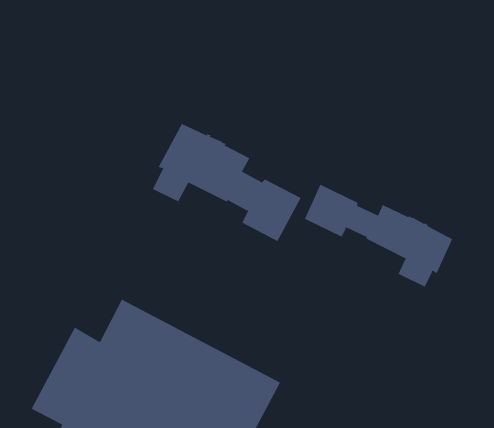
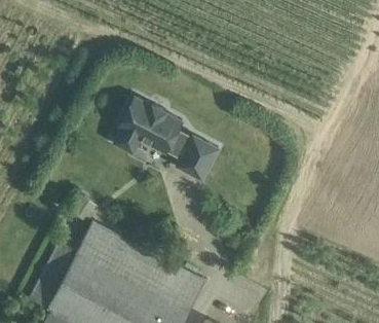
building: [304,184,453,287] -> none

